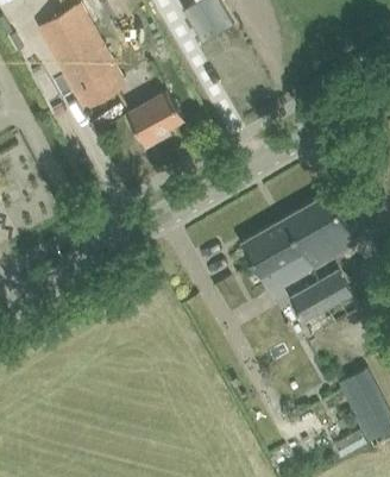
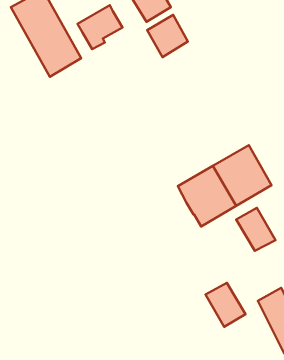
building: none -> [147,15,188,57]
building: [127,90,182,144] -> [78,5,123,49]
building: [287,283,335,337] -> [205,283,246,327]

